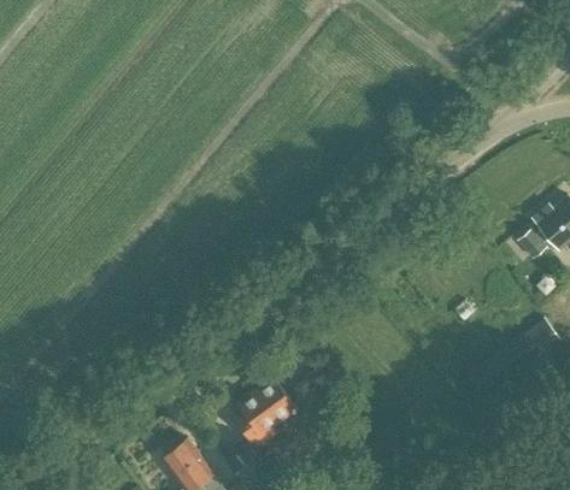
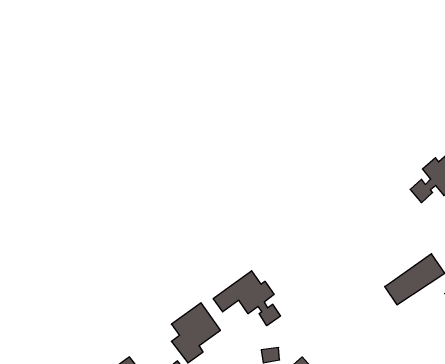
building: none -> [213,271,280,326]

